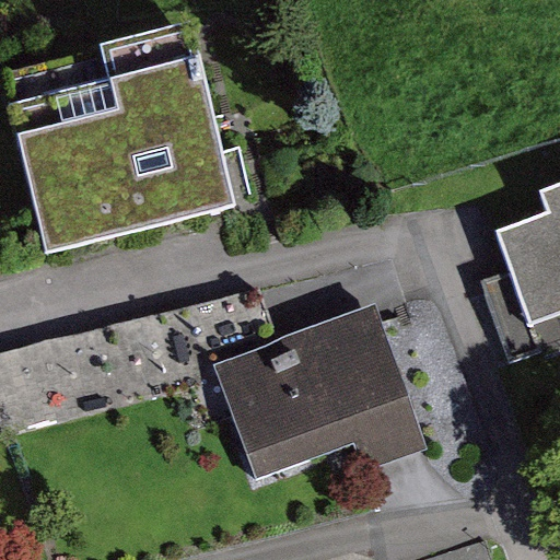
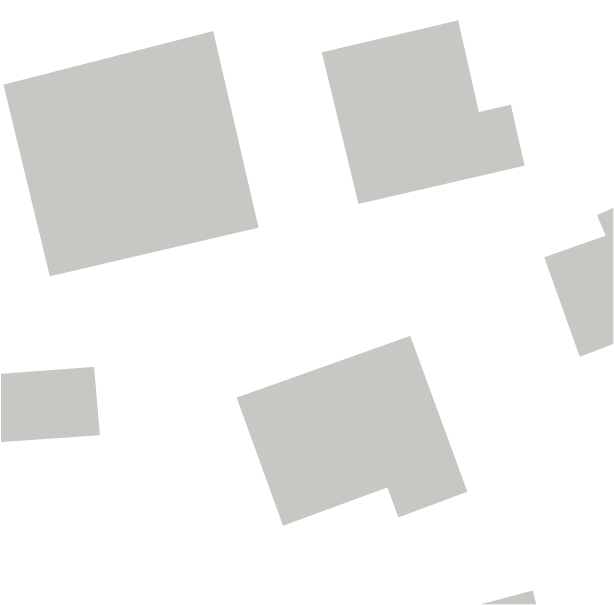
building: none -> [321,19,525,205]

